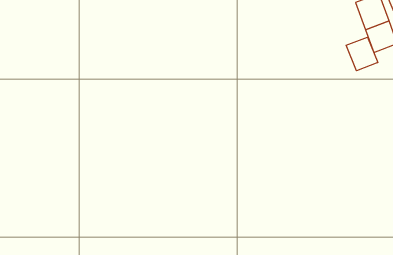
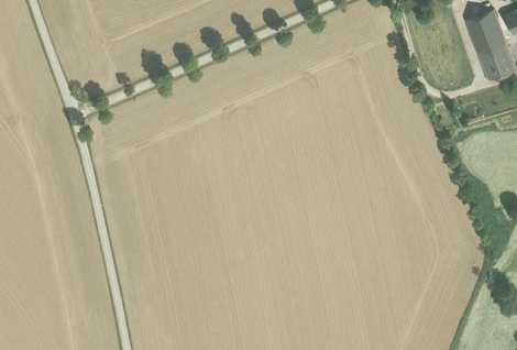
building: [346,37,378,71] -> none

